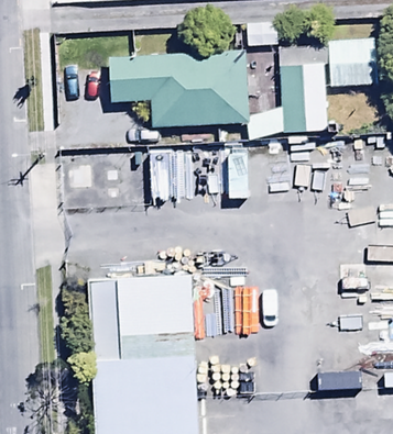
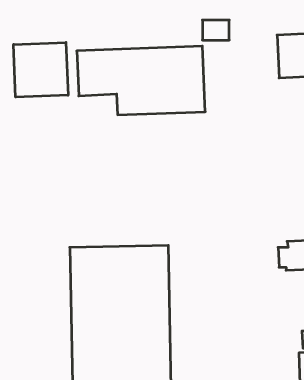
building: [276,47,324,134] -> none
building: none -> [14,42,68,97]

